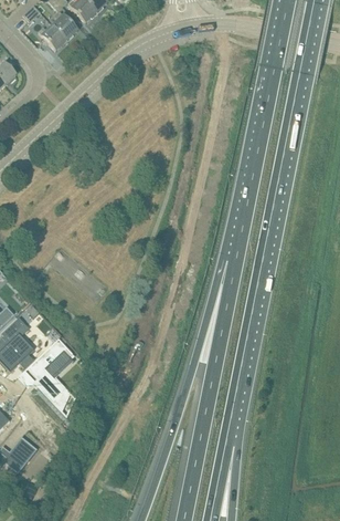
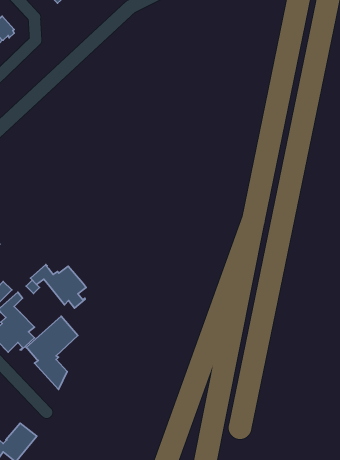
building: none -> [30,264,86,308]

